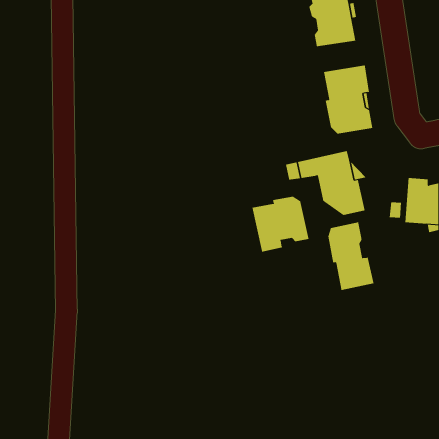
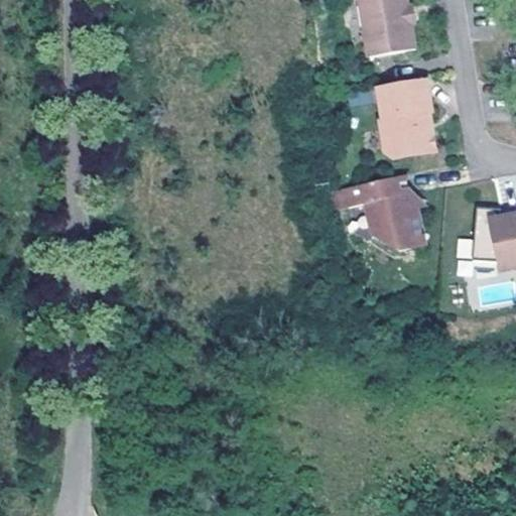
building: [252,196,309,253] -> none
building: [328,221,374,291] -> none

